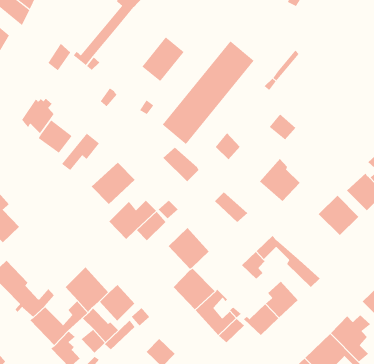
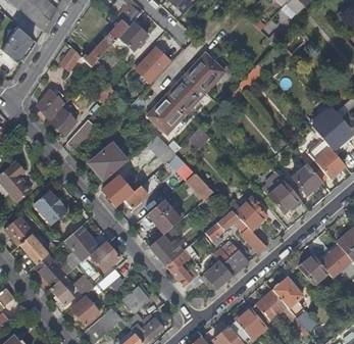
building: none -> [117,22,147,51]
building: [259,158,301,202] -> [234,196,266,231]
building: none -> [32,191,66,227]

